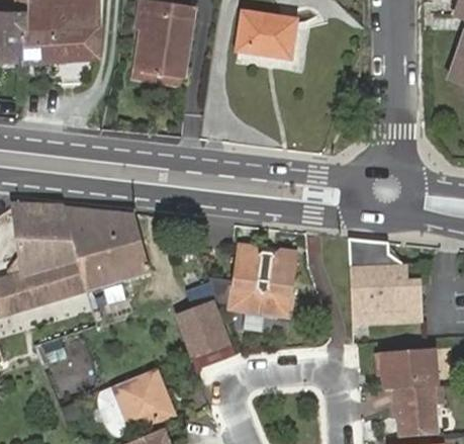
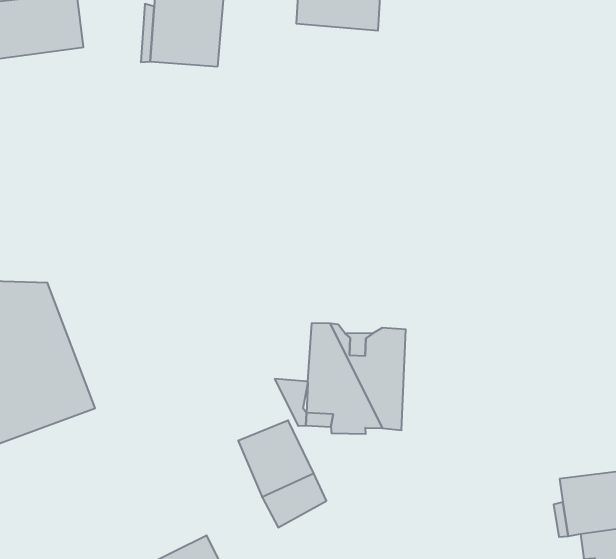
building: [64,206,152,289] -> none
building: [347,238,416,325] -> none

